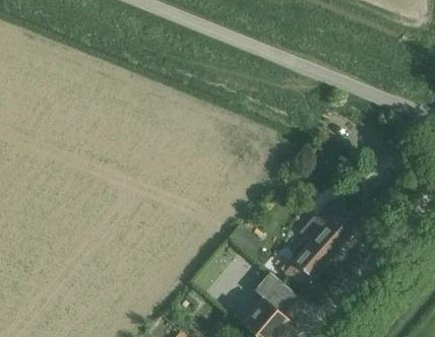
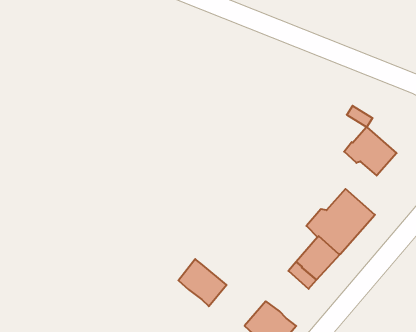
building: none -> [344,127,397,176]
building: [253,273,297,316] -> [178,259,227,306]

